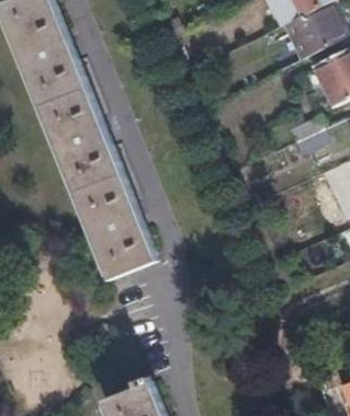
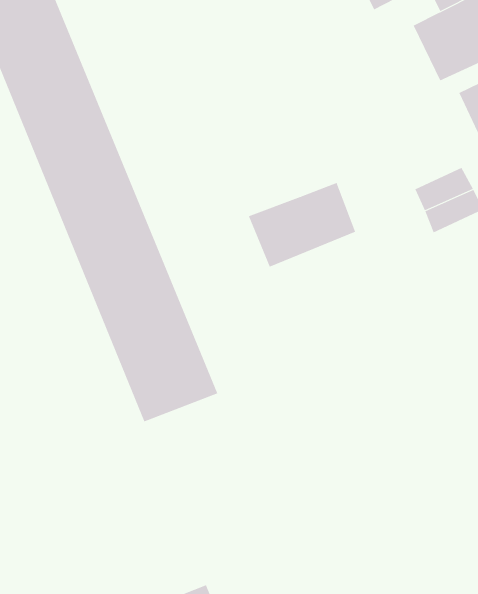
building: none -> [248,182,356,268]

